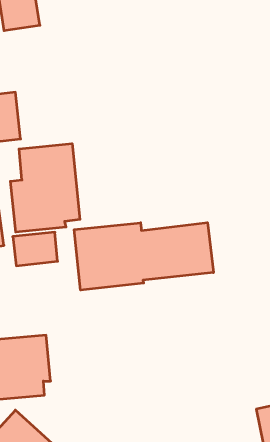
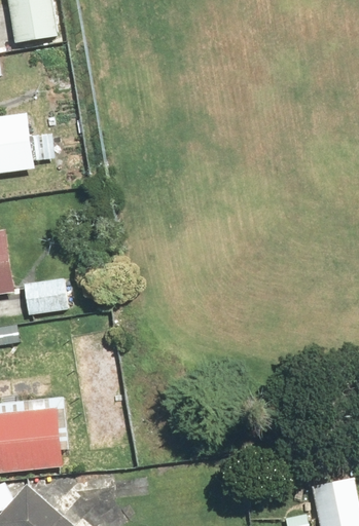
building: [10,144,80,232] -> none
building: [74,223,213,290] -> none

